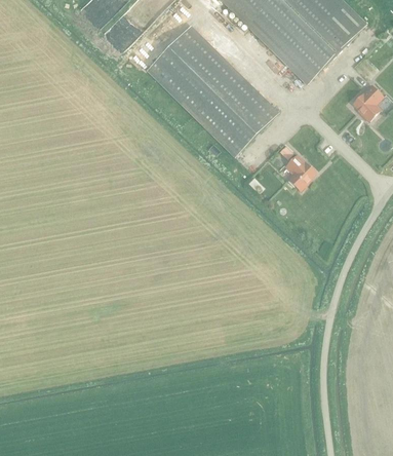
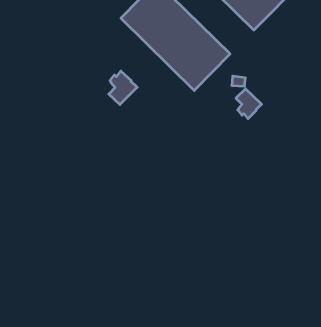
building: [353,84,383,120] -> none
building: none -> [109,71,137,105]

